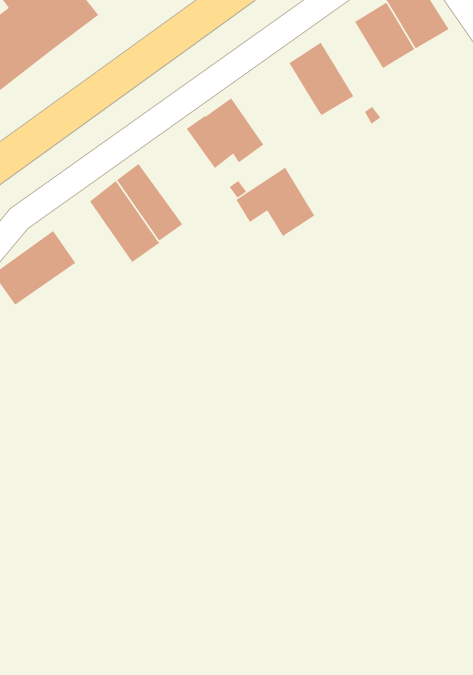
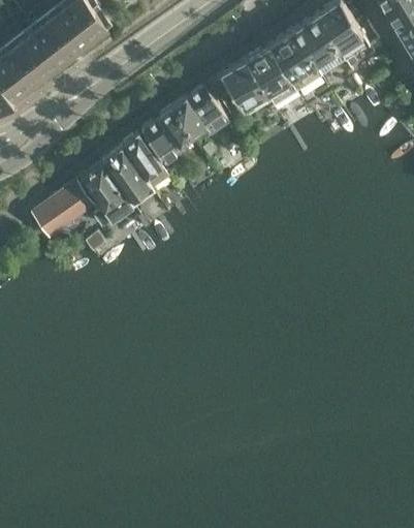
building: none -> [267,32,316,87]
building: none -> [140,111,191,158]
building: [235,167,315,237] -> [208,62,265,113]
building: none -> [78,163,131,229]

